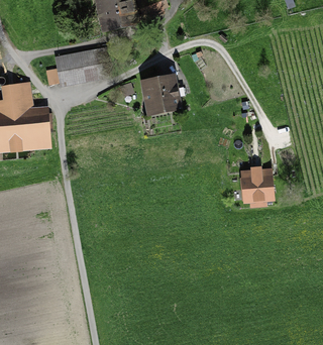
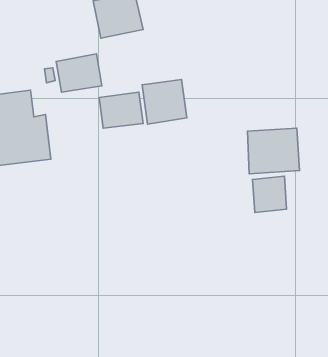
building: none -> [99,92,143,128]
building: none -> [248,128,299,174]

